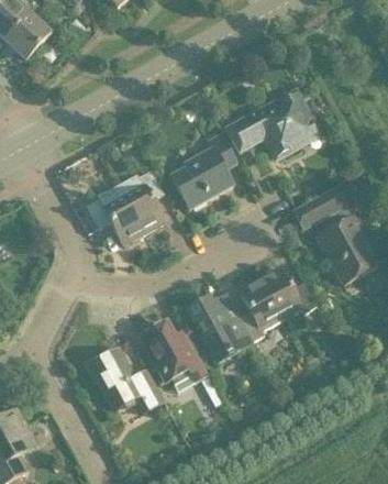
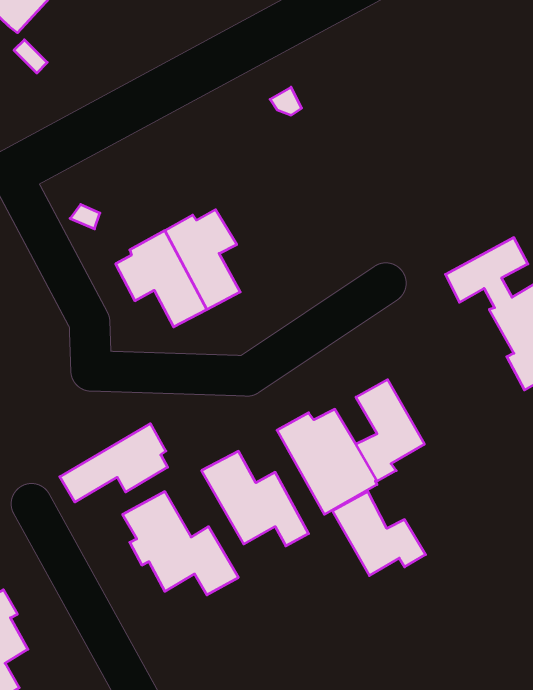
building: [226,92,317,154] -> none
building: [170,132,236,208] -> none
building: [257,264,315,317] -> [333,492,426,576]
building: none -> [60,424,168,502]

